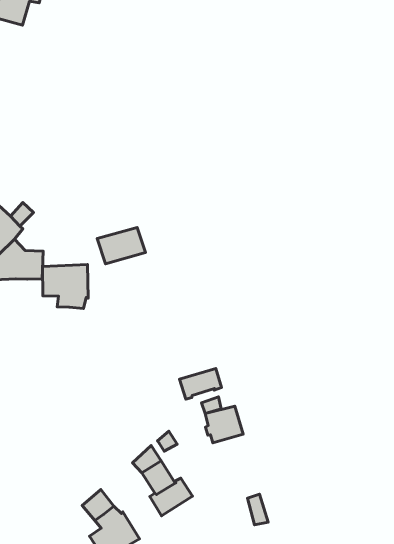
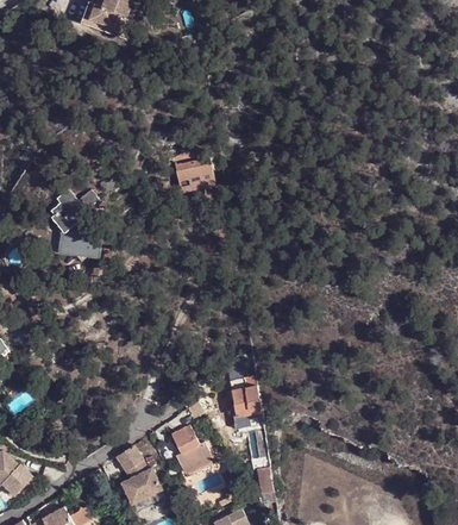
building: [97,227,145,264] -> [178,163,219,192]
building: [43,264,88,308] -> none
building: [179,369,221,399] -> none

